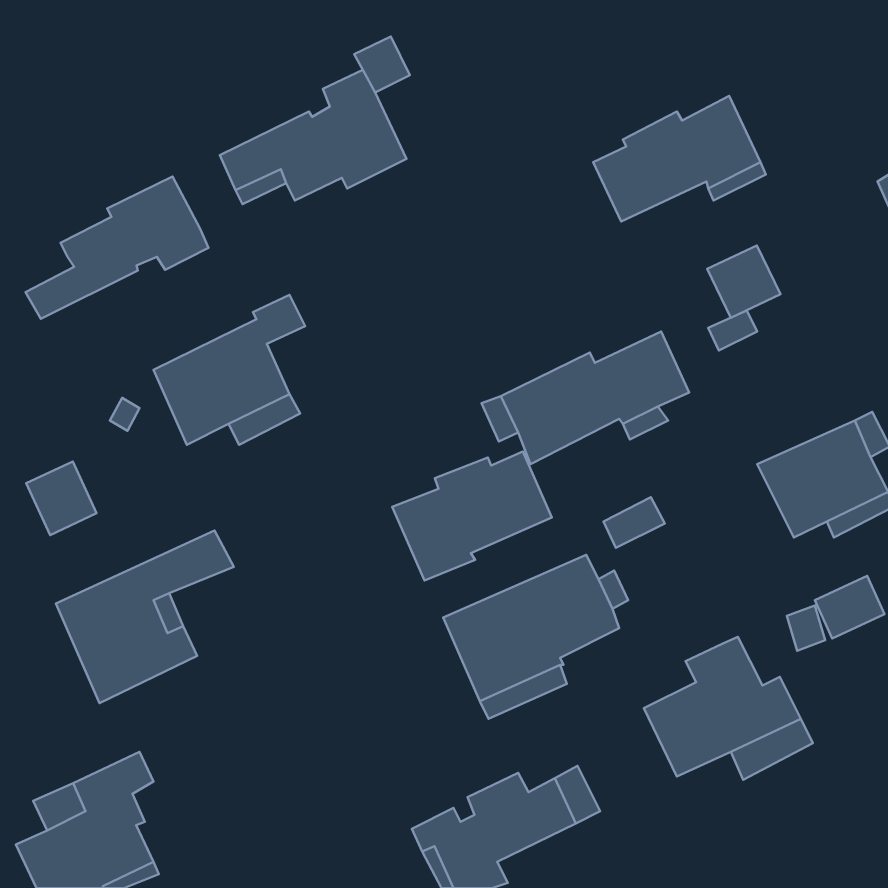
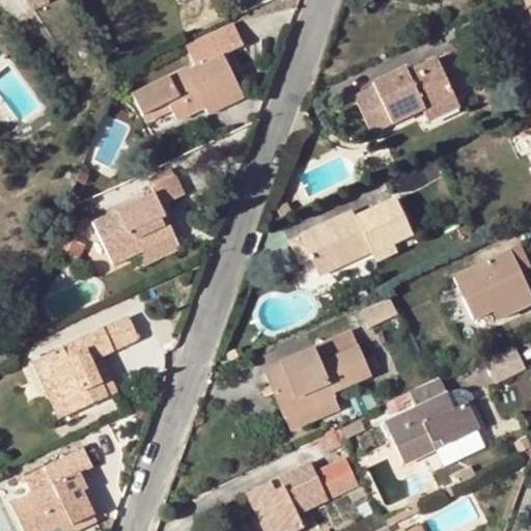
building: [26,176,209,319] -> none
building: [707,246,780,318] -> none
building: [392,452,552,581] -> none
building: [26,461,97,535] -> none

